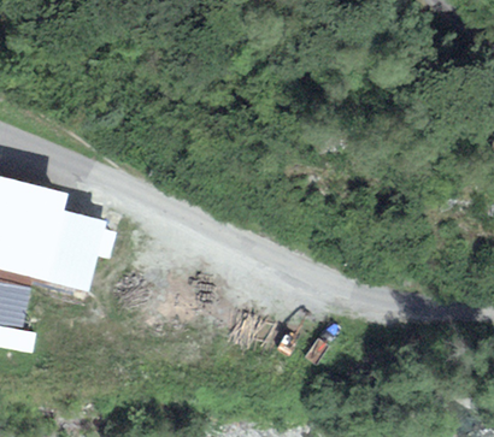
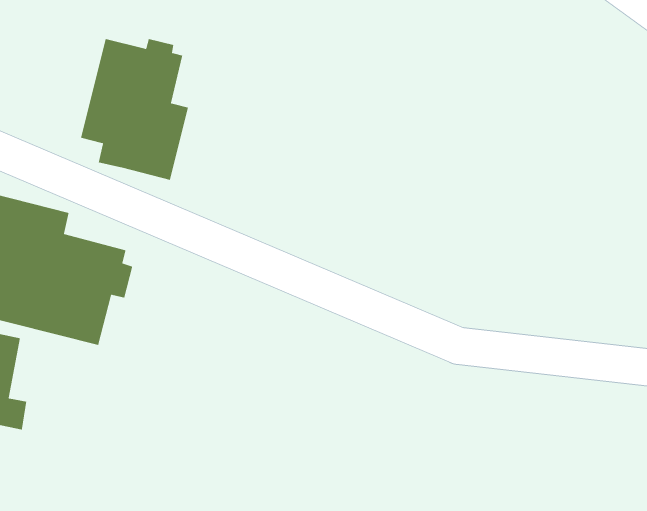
building: none -> [80,38,189,181]

